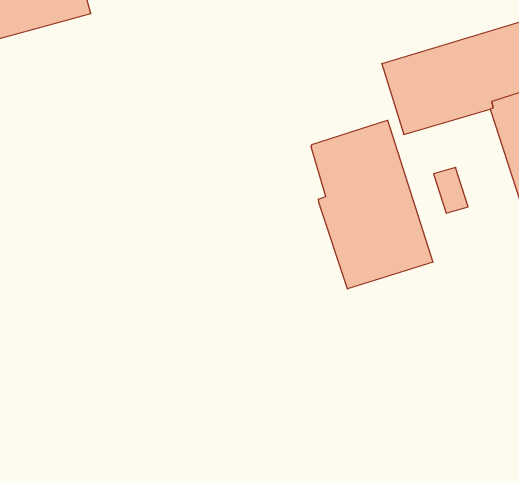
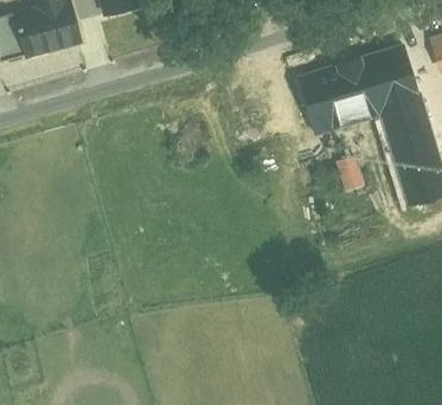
building: [311,120,433,289] -> none

